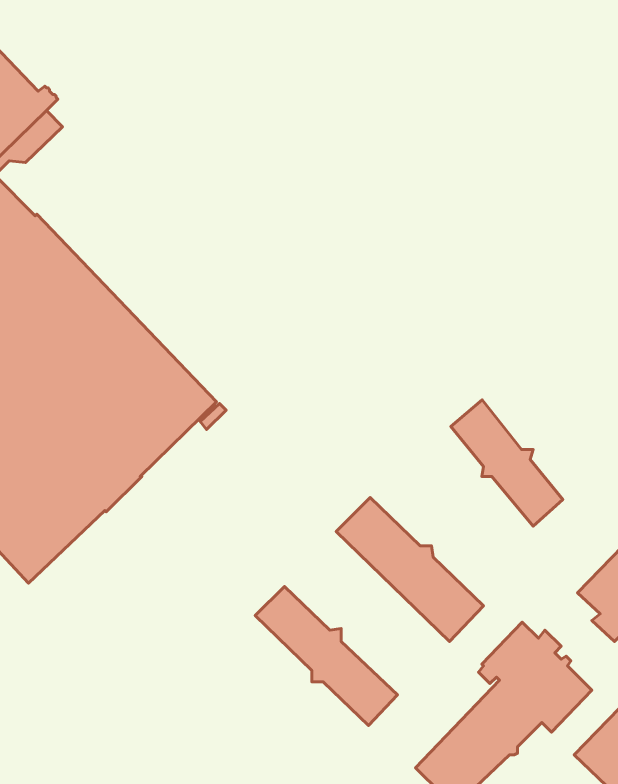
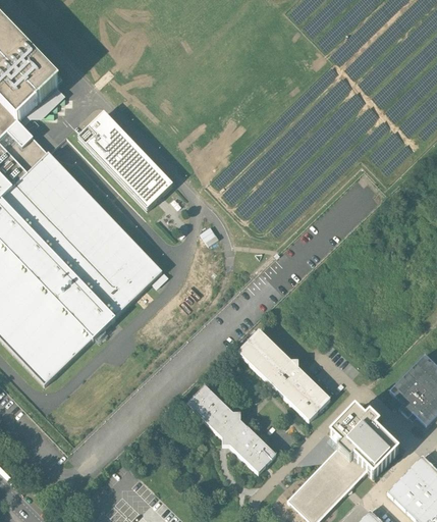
building: none -> [77,111,173,208]
building: [451,400,563,526] -> none

